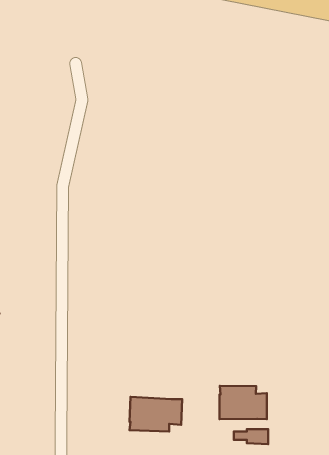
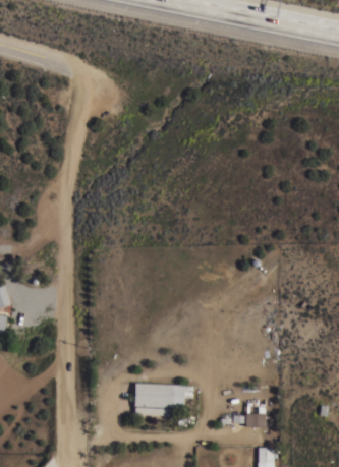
building: [219,386,267,419] -> none

